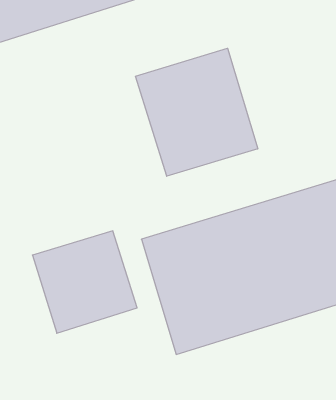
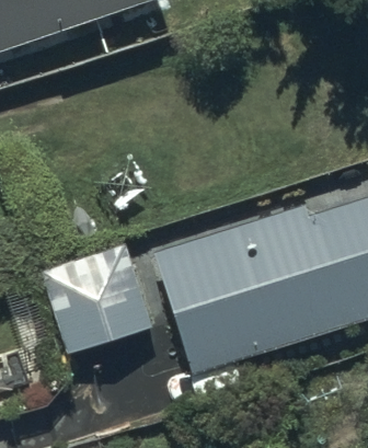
building: [135,48,258,176] -> none

